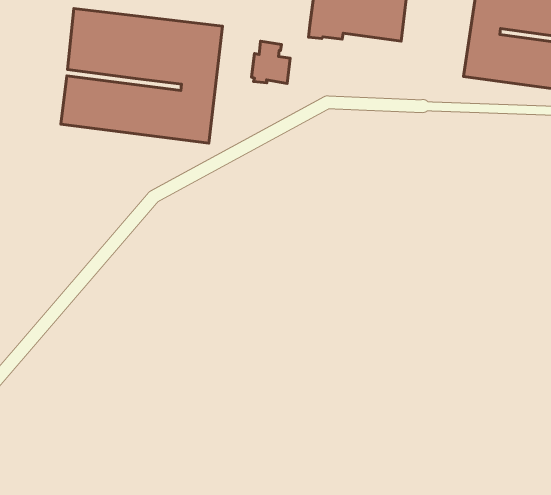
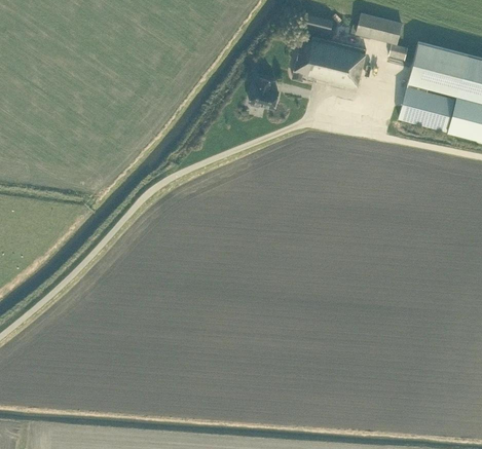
building: [61,8,222,143] -> none

